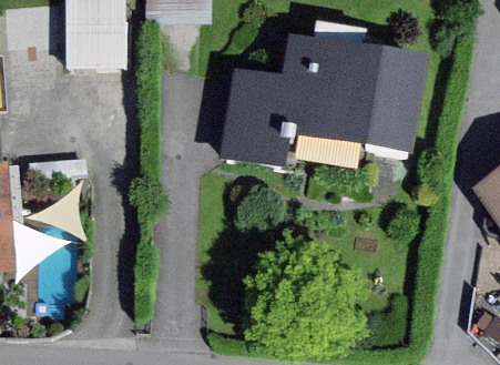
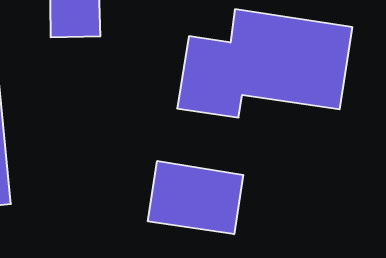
building: none -> [148,161,243,234]

